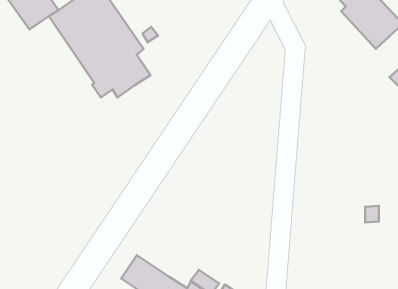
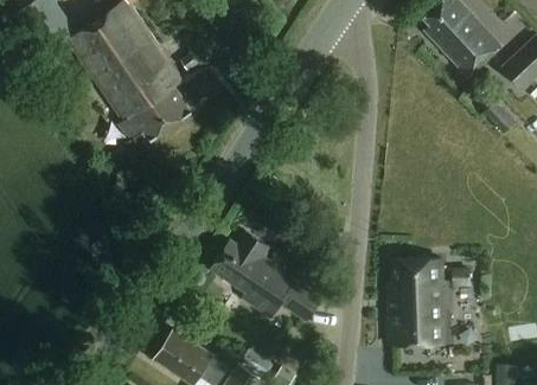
building: none -> [211,231,322,322]
building: none -> [388,259,450,345]

